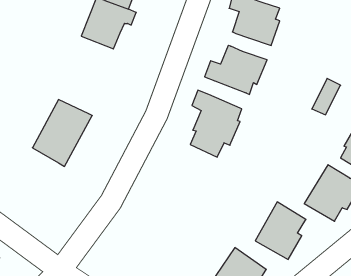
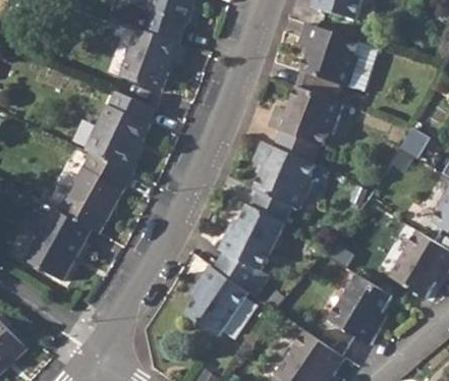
building: none -> [88,91,155,169]
building: none -> [218,204,283,270]
building: none -> [25,207,92,280]
building: none -> [185,264,247,335]

